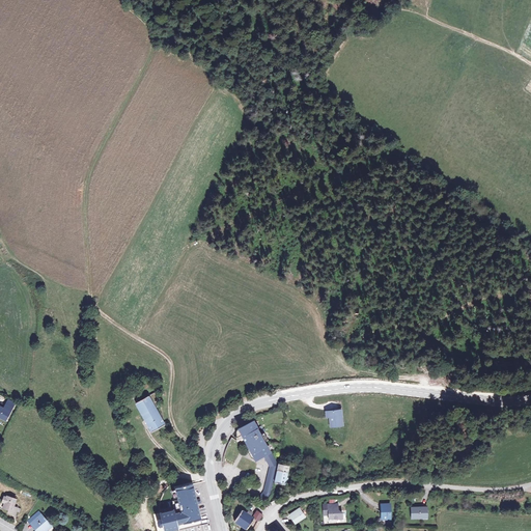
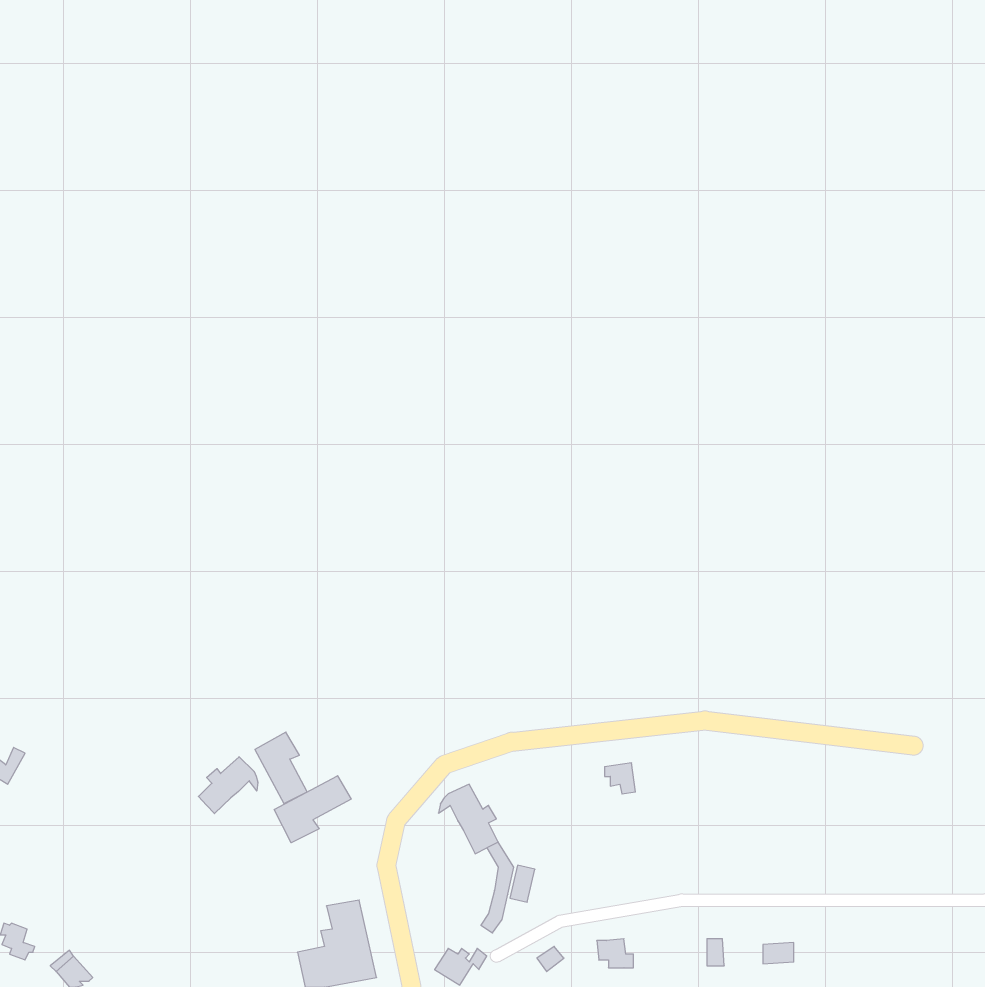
building: none -> [198,757,258,814]
building: none -> [274,776,351,843]

